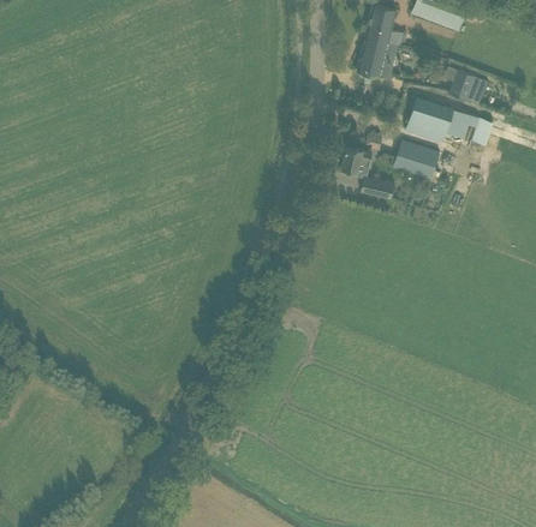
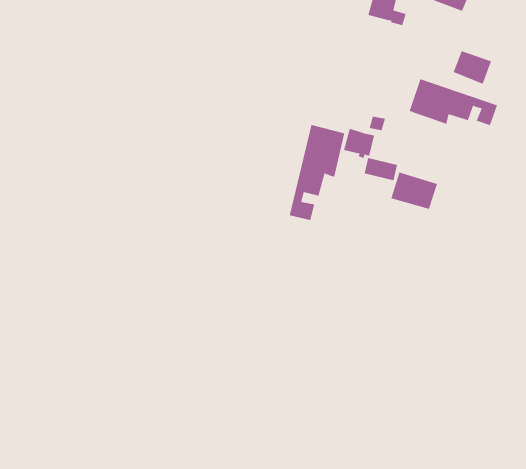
building: [356,35,399,79] -> none
building: [393,140,440,178] -> [390,172,438,209]
building: none -> [289,124,345,221]

